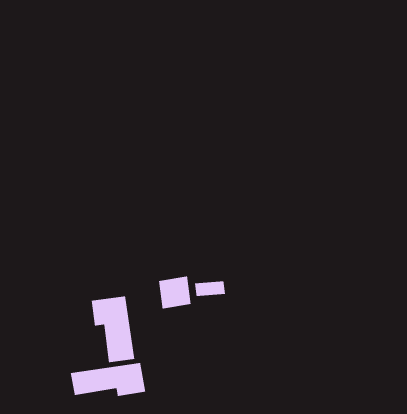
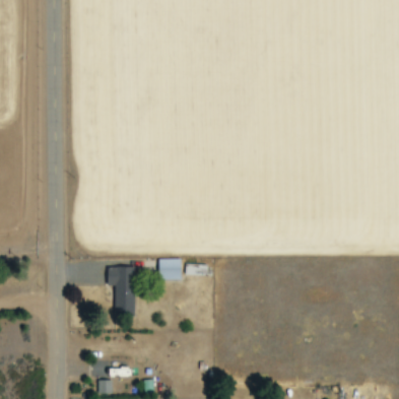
building: [70,362,146,397] -> none

